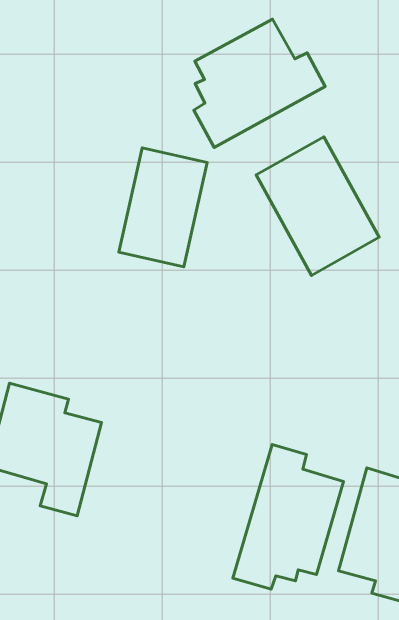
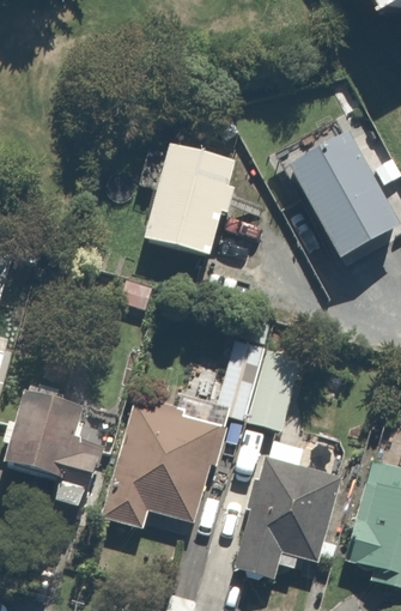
building: [194,19,325,147] -> none
building: none -> [101,334,312,526]

